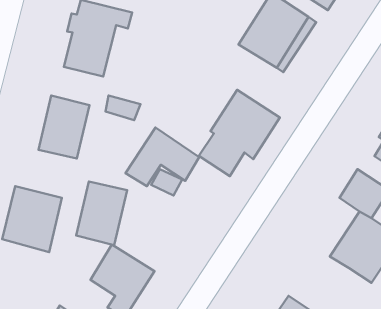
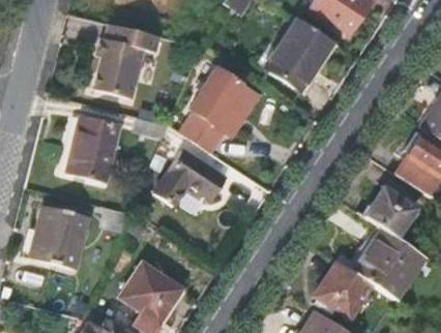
building: [199,90,280,176] -> [180,68,259,152]
building: [76,182,127,245] -> none
building: none -> [314,262,372,317]

